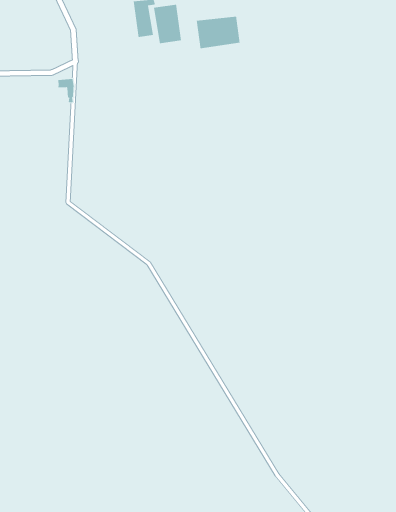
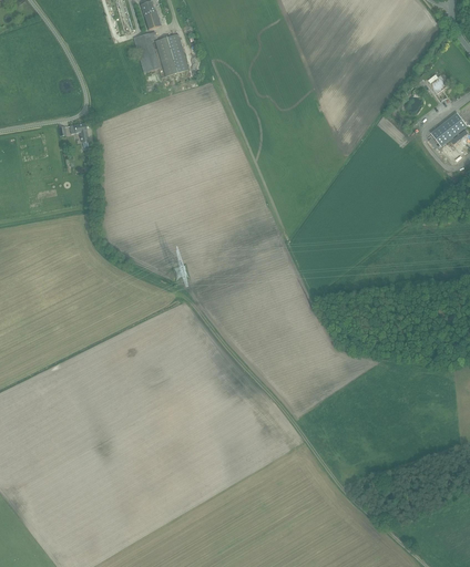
building: [196,16,240,49] -> none

